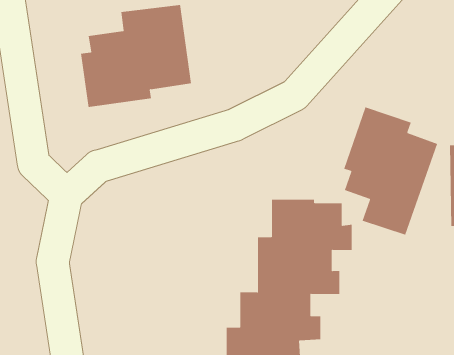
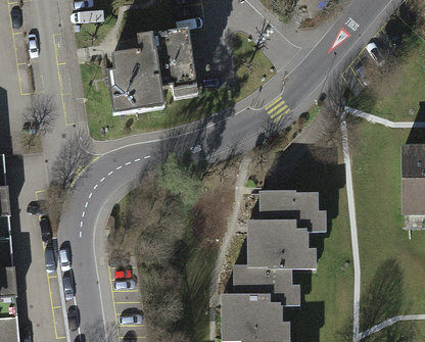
building: [343,106,438,235] -> none

